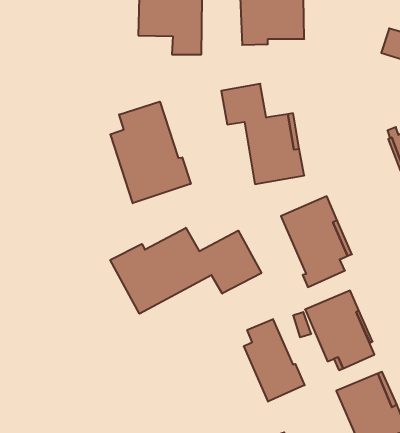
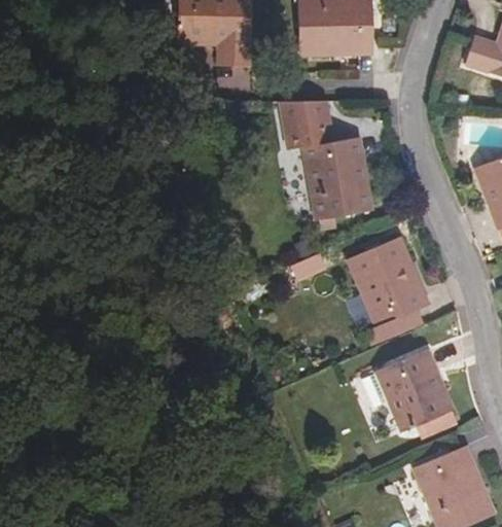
building: [110,102,191,203] -> none
building: [110,228,261,314] -> none
building: [244,319,305,402] -> none

